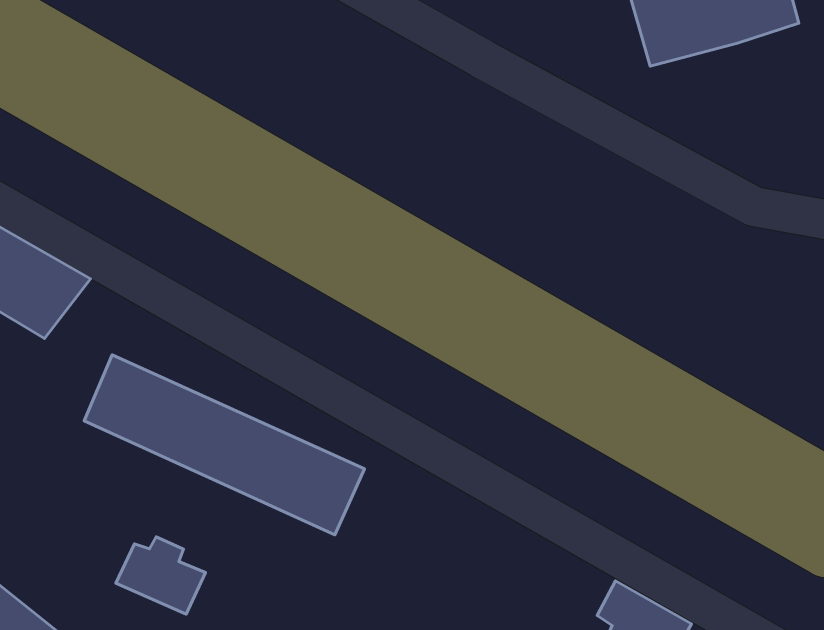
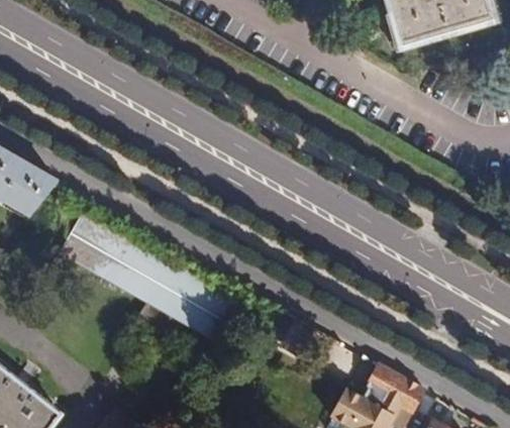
building: [116,537,205,614] -> none

